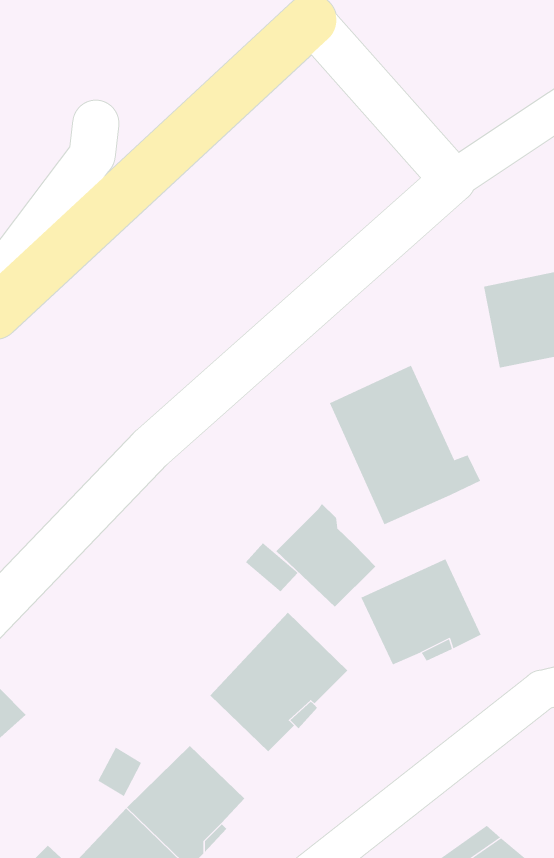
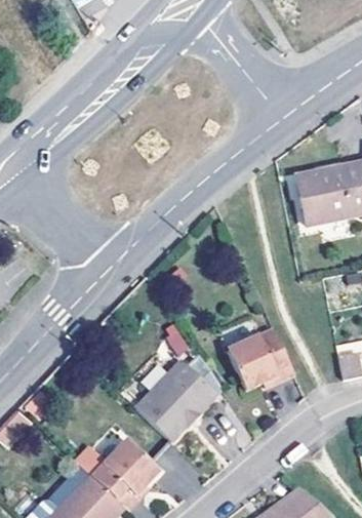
building: [329,365,481,525] -> none
building: [275,503,376,607] -> none

